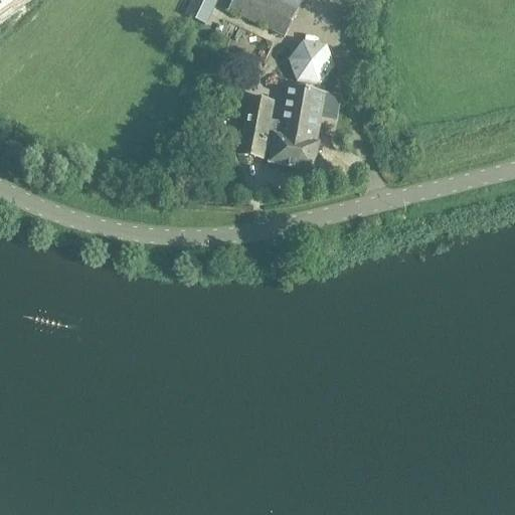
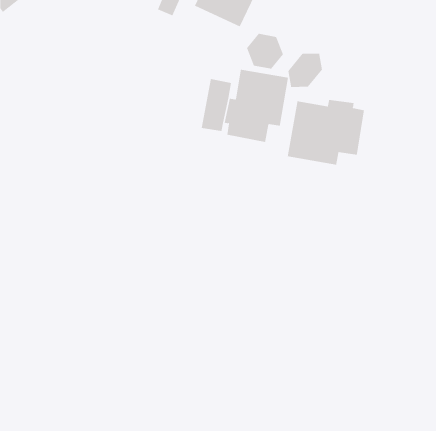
building: none -> [288,53,323,88]
building: none -> [287,99,364,166]

